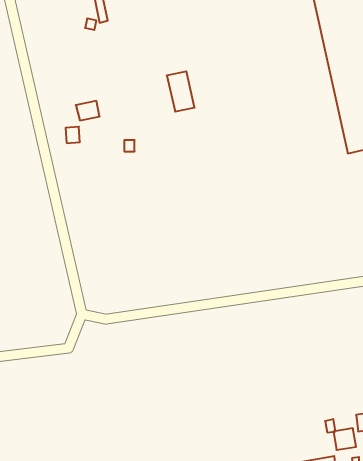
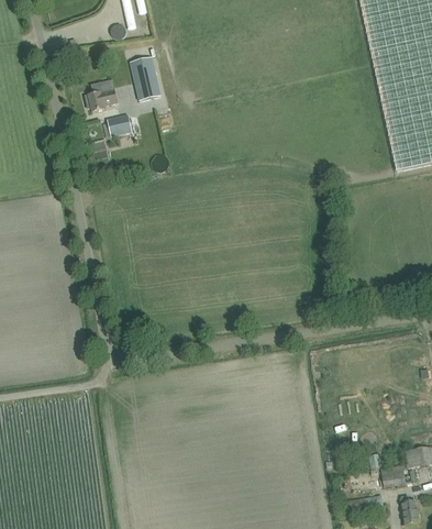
building: none -> [86,79,118,111]
building: [167,71,195,112] -> [131,57,160,100]

